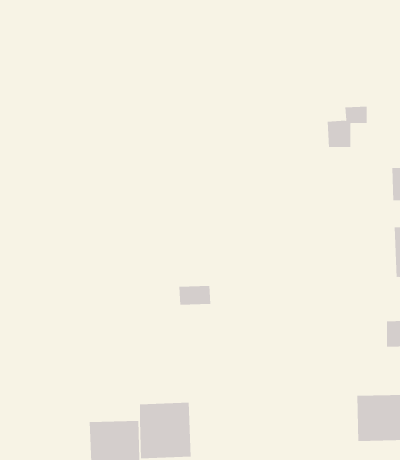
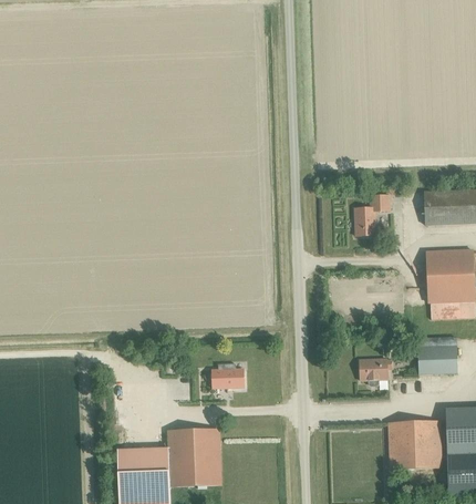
building: [327,106,367,148] -> [354,193,395,235]
building: [179,286,211,305] -> [211,368,245,388]
building: none -> [360,358,387,385]

